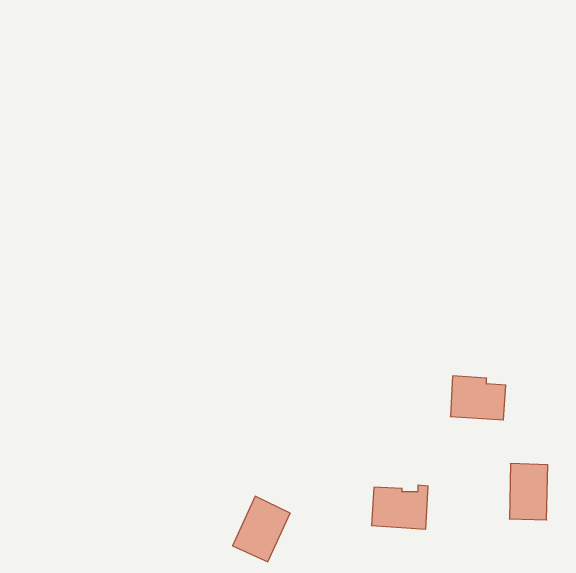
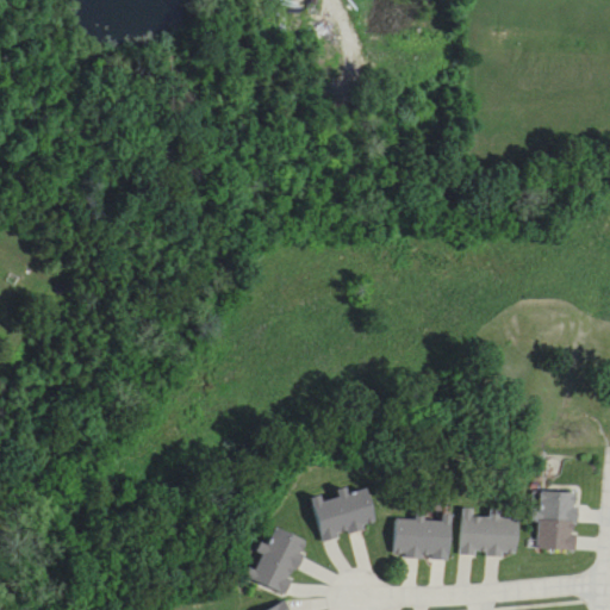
building: [450,376,506,420] -> [461,509,519,555]
building: none -> [310,486,374,539]

